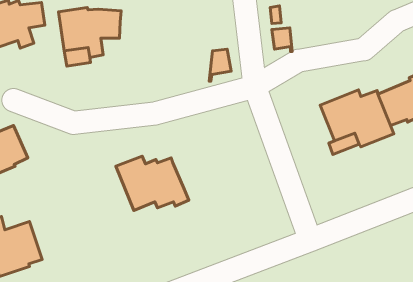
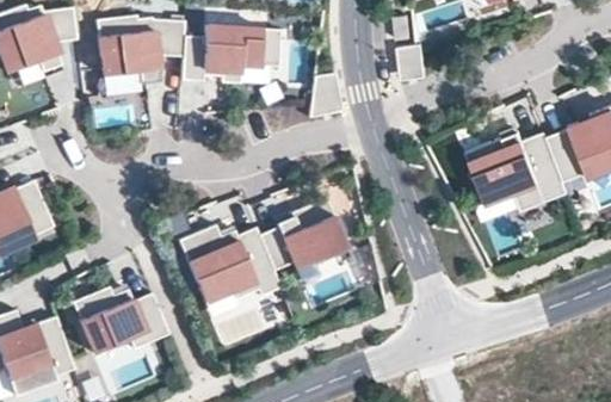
building: none -> [180,24,279,82]
building: none -> [257,197,347,270]
building: none -> [70,285,168,352]

